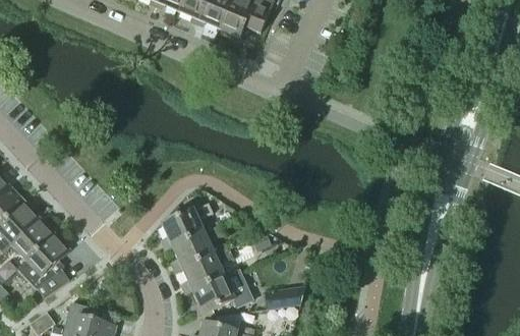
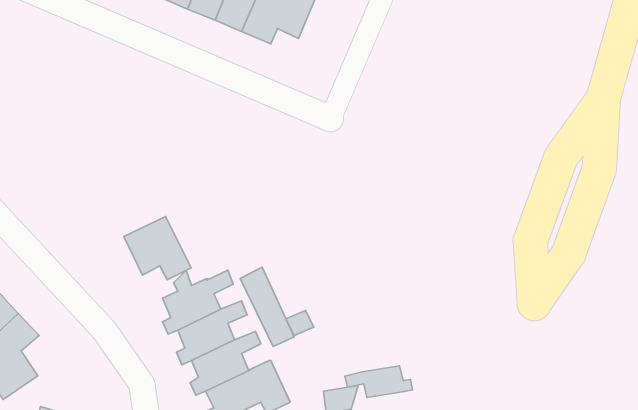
building: none -> [124,216,191,280]
building: none -> [240,267,294,346]
building: none -> [345,366,413,398]

